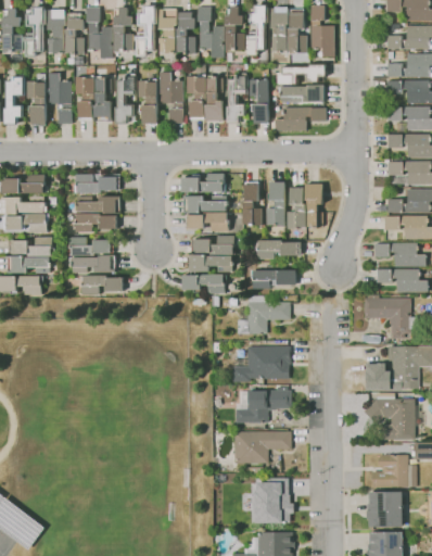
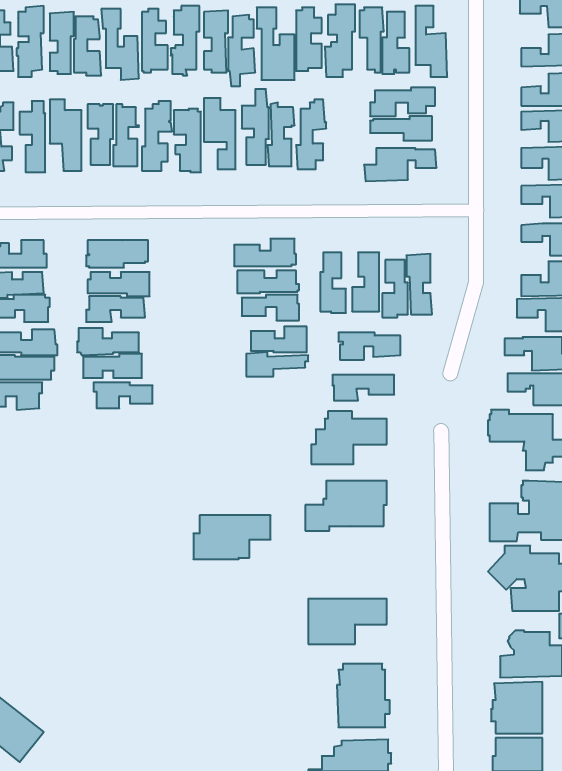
building: [250,78,268,124] -> none
building: [182,275,226,294] -> none
building: [236,391,291,422] -> [193,515,271,559]

